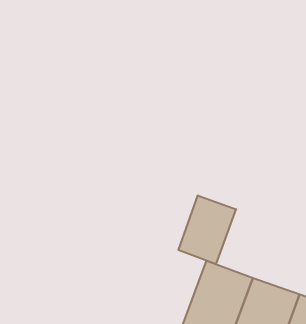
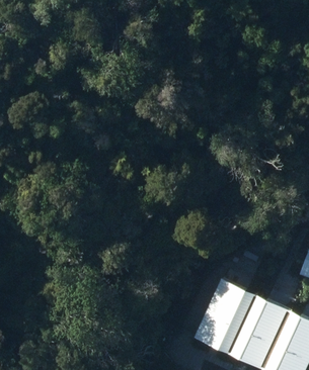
building: [178,195,236,264] -> none

